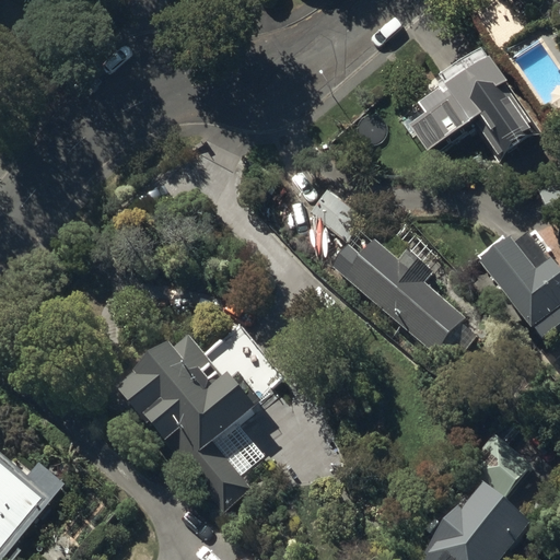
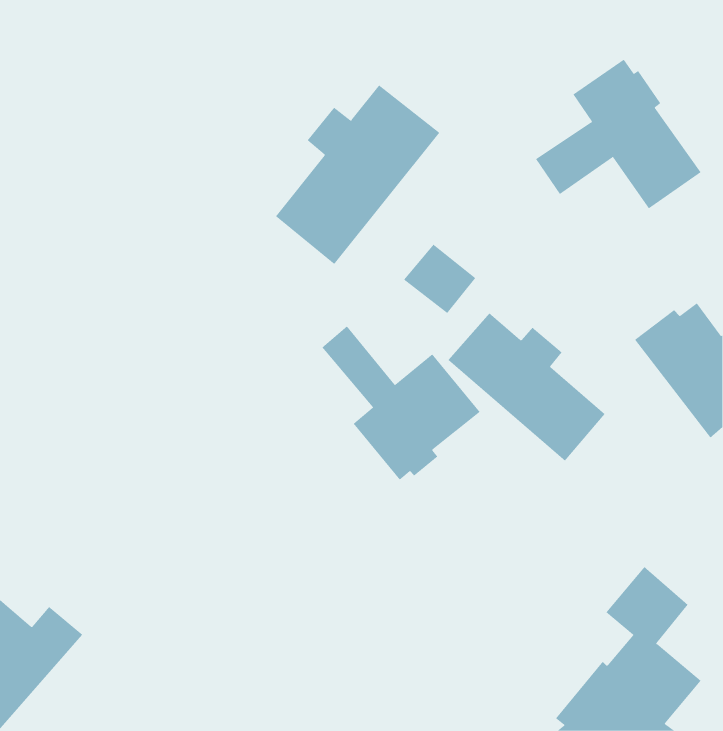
building: none -> [275,85,440,265]
building: none -> [321,325,480,480]
building: [119,332,265,504] -> none

